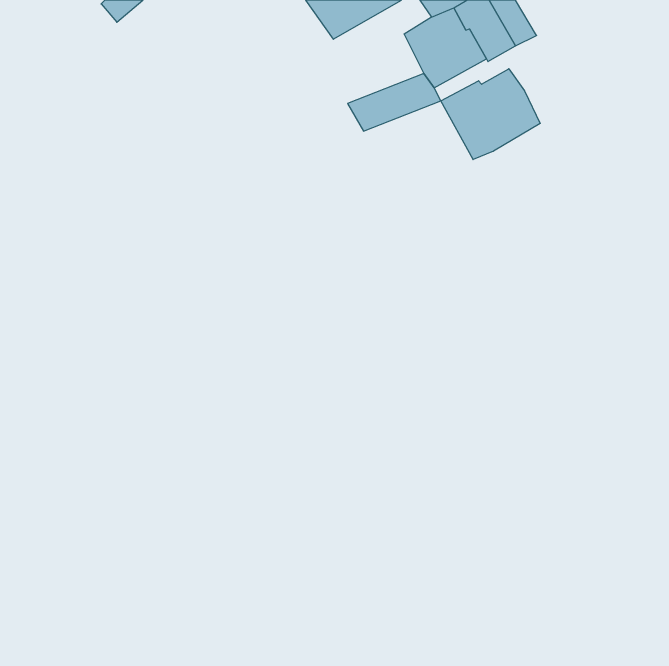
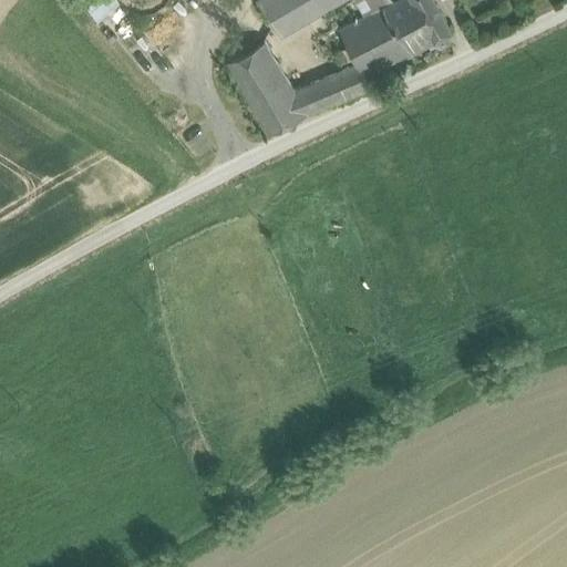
building: none -> [228,43,307,135]
building: [441,69,540,160] -> none

